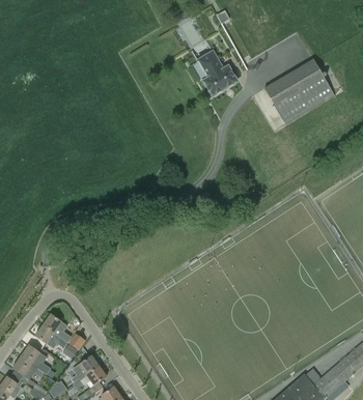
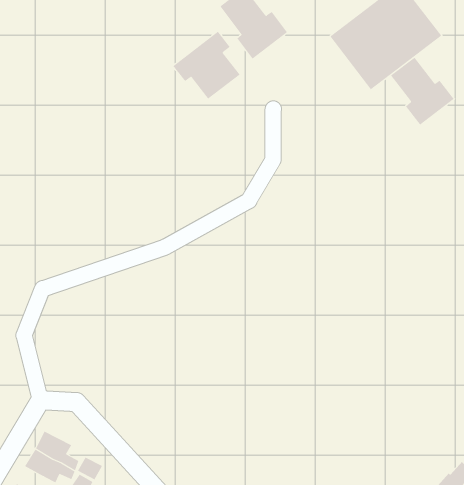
building: none -> [172,31,240,100]
building: none -> [390,57,454,125]

